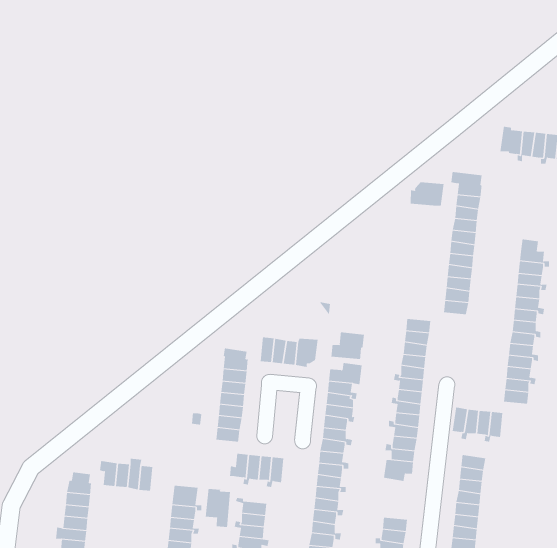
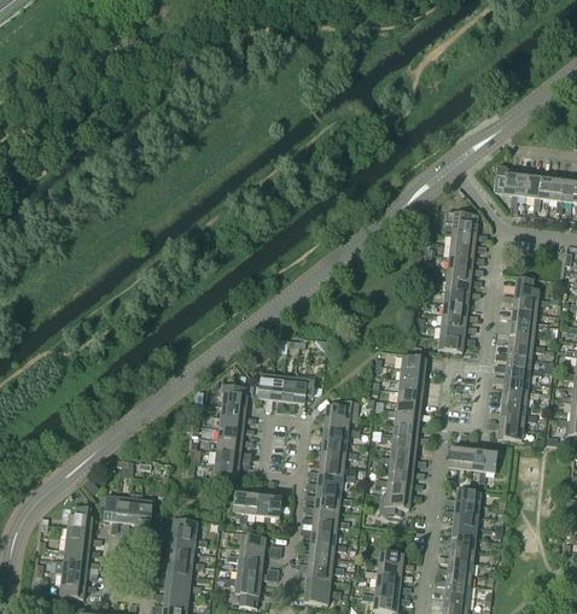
building: [410,181,444,207] -> none
building: [331,331,364,360] -> none
building: [205,488,231,528] -> none

